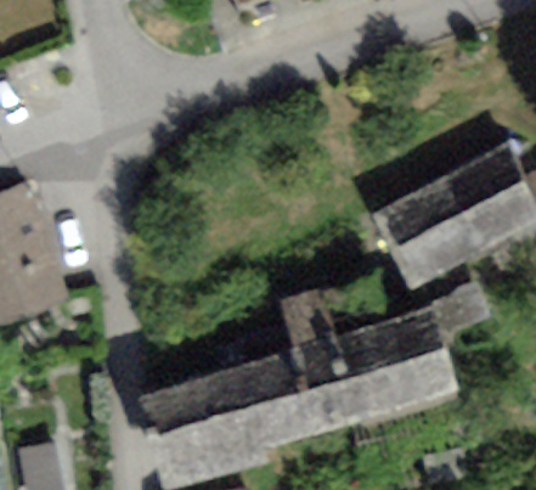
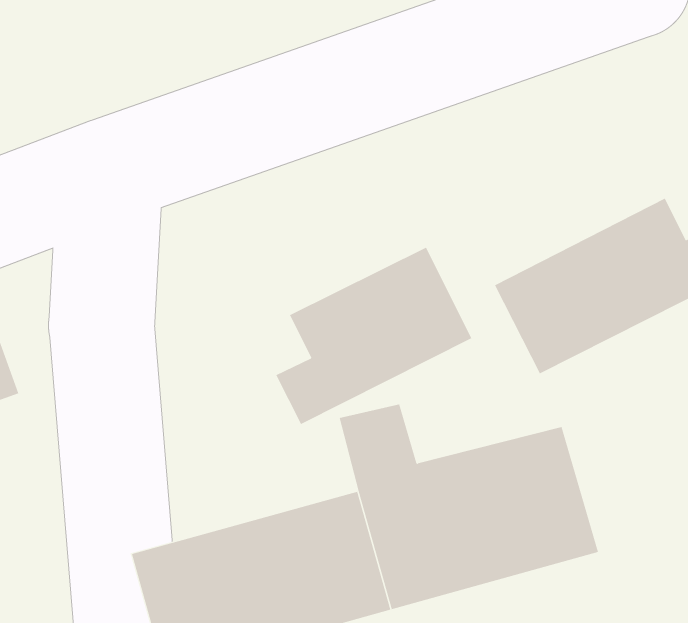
building: none -> [275,247,472,425]

